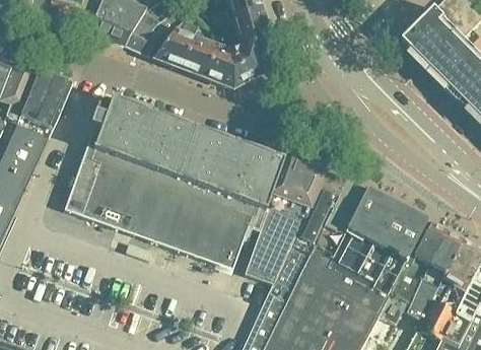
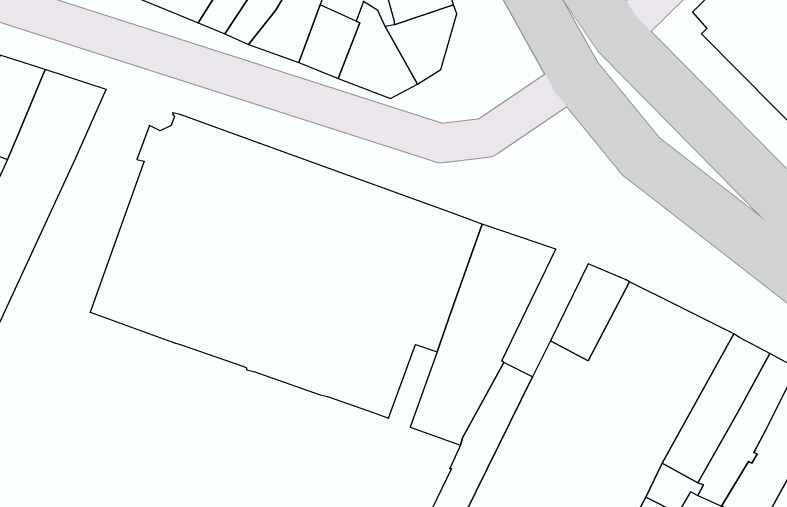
building: [295,172,344,244] -> none

